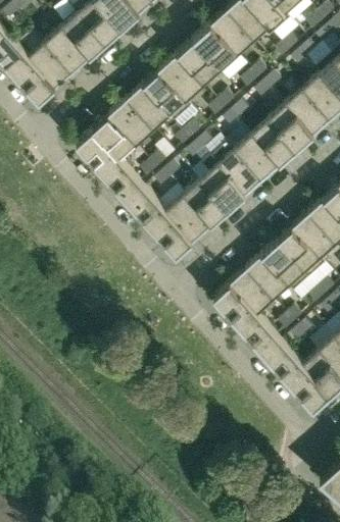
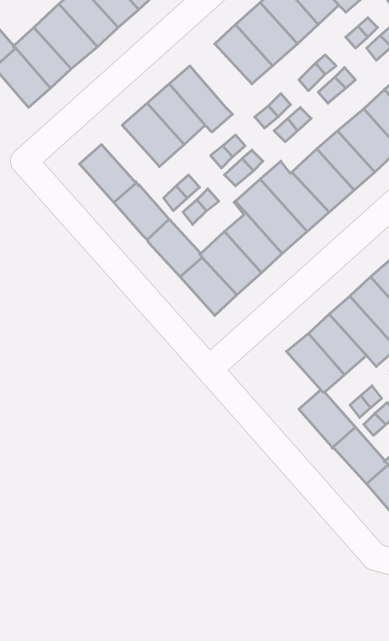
building: [160,55,206,102] -> none
building: [95,115,138,160] -> none
building: [215,282,257,325] -> none

